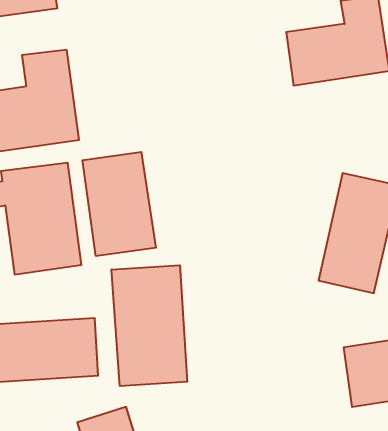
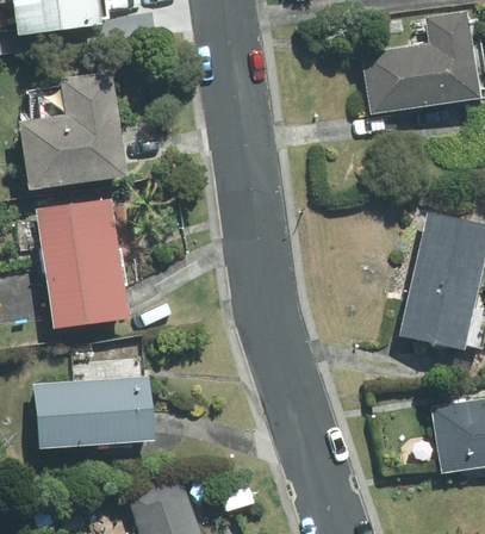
building: [82,152,156,256] -> none
building: [112,265,187,386] -> none

